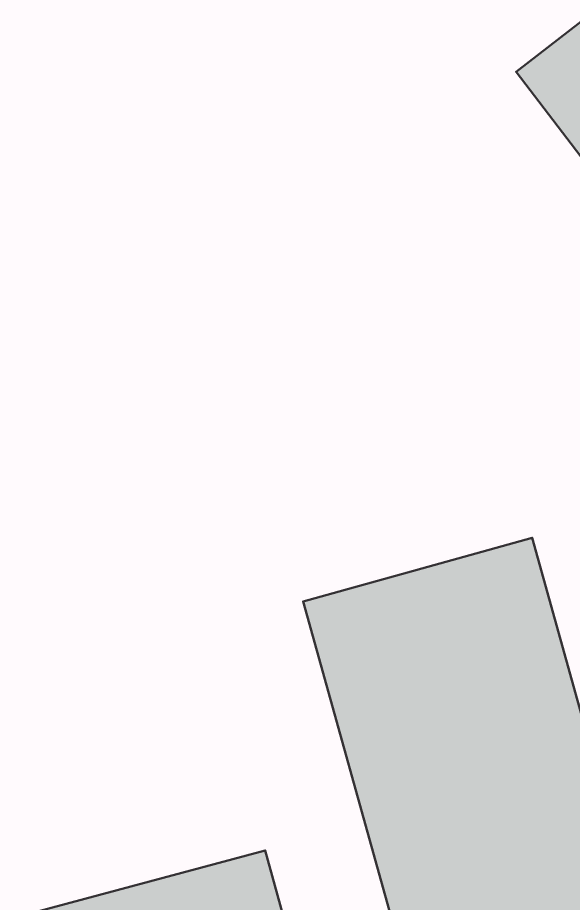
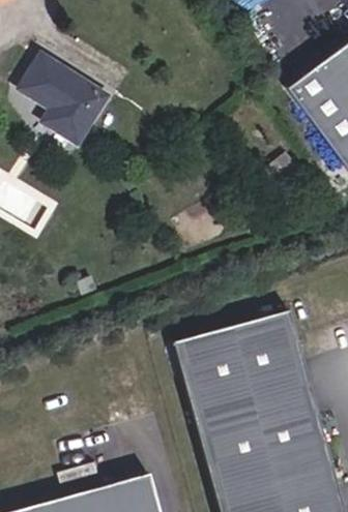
building: none -> [25,60,109,144]

